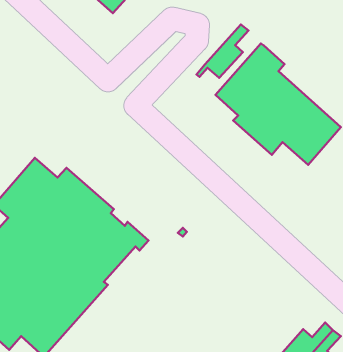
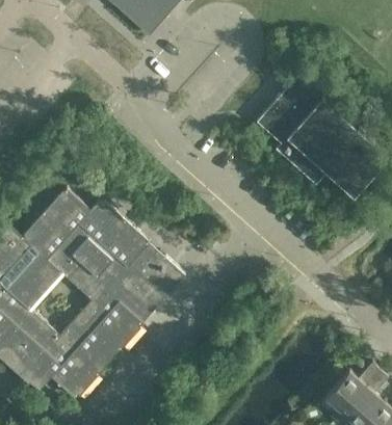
building: [197,24,249,78] -> none

